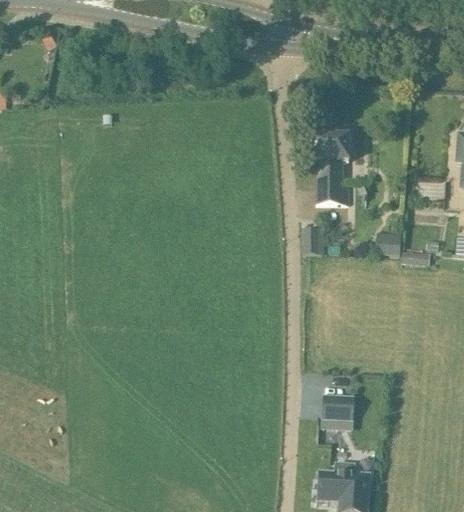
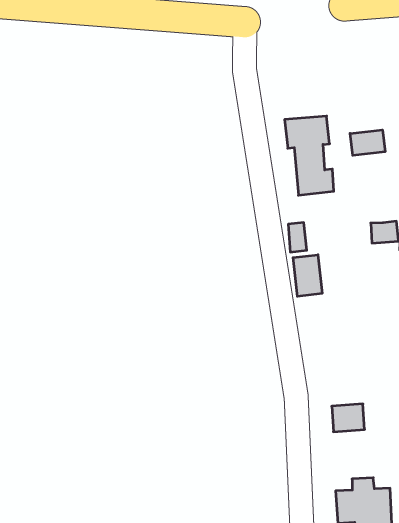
building: none -> [350,130,385,155]
building: none -> [293,255,322,296]

